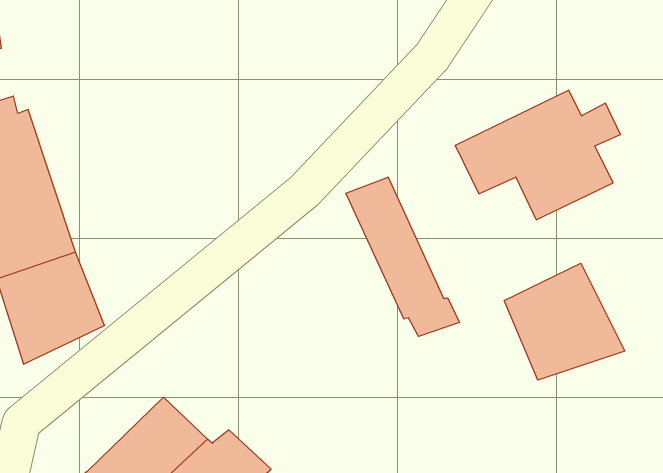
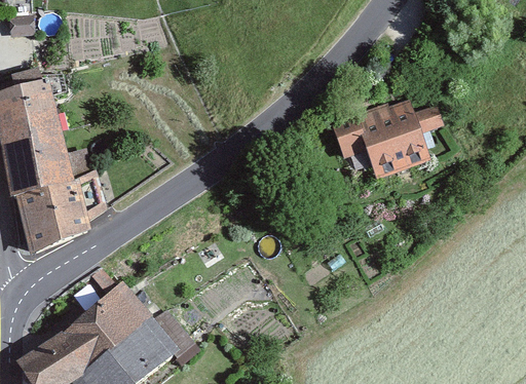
building: [346,177,460,336] -> none
building: [504,263,625,380] -> none

